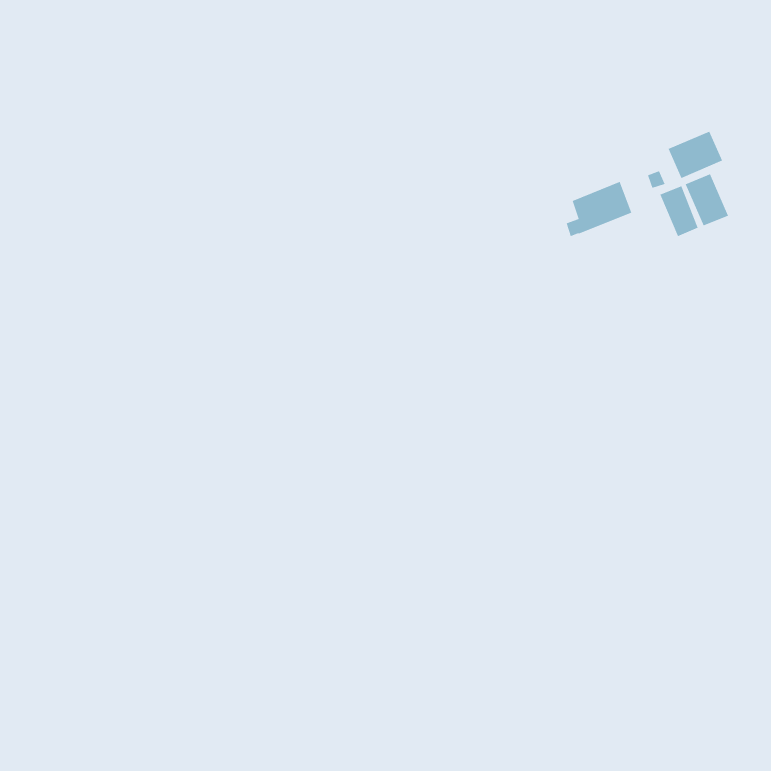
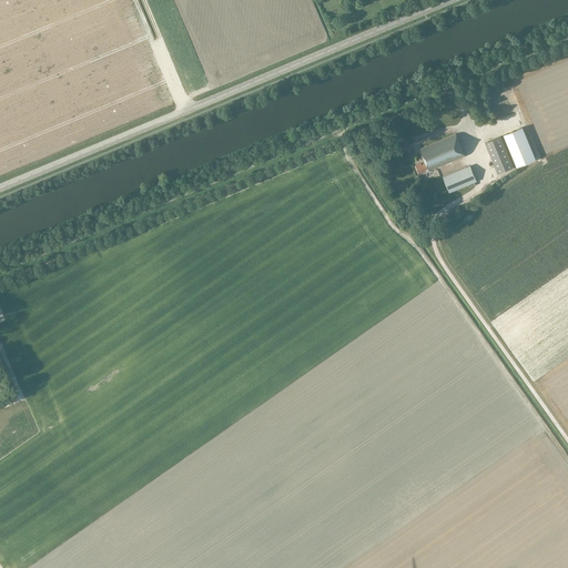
building: [668,131,723,179] -> none
building: none -> [443,165,477,193]

